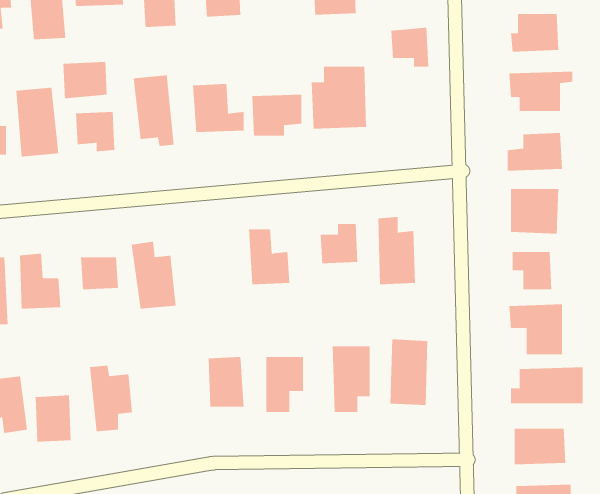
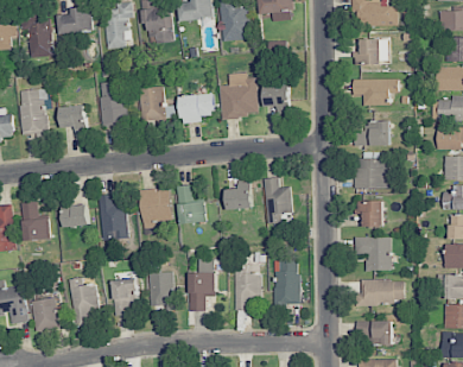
building: [391,27,429,67] -> [264,84,290,112]
building: [63,61,107,99] -> none
building: none -> [140,189,171,228]
building: none -> [113,279,138,315]

